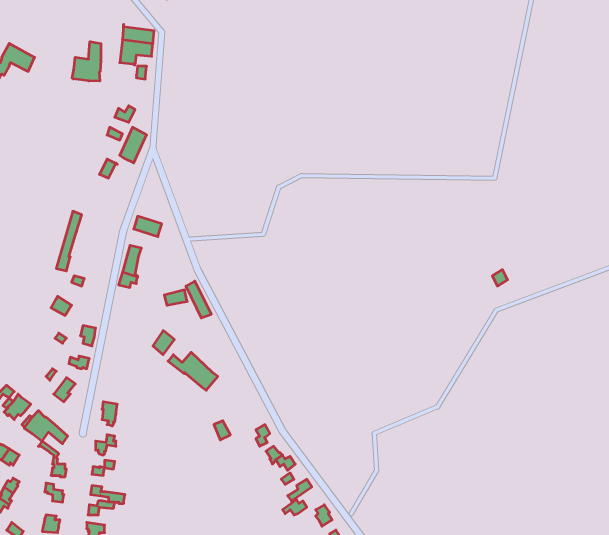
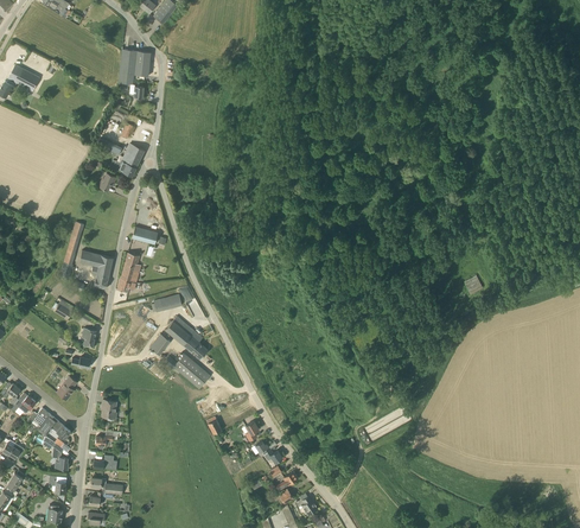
building: [72,42,101,81] -> none
building: none -> [79,250,113,288]
building: none -> [165,314,208,358]

